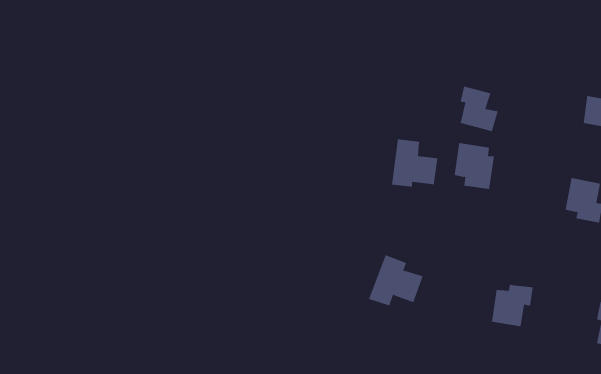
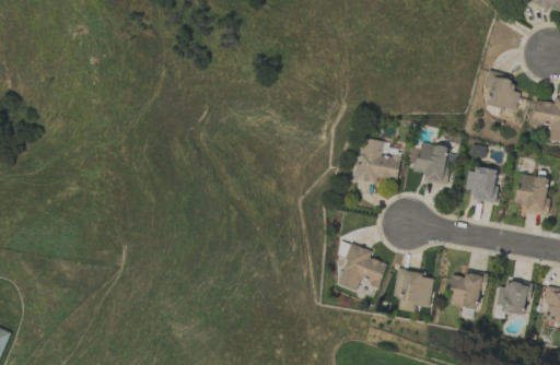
building: [460,86,498,132] -> [486,70,521,111]
building: none -> [466,165,499,203]
building: none -> [394,270,434,313]
building: none -> [497,280,530,315]

